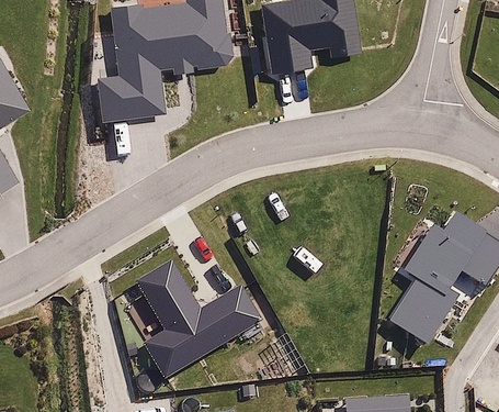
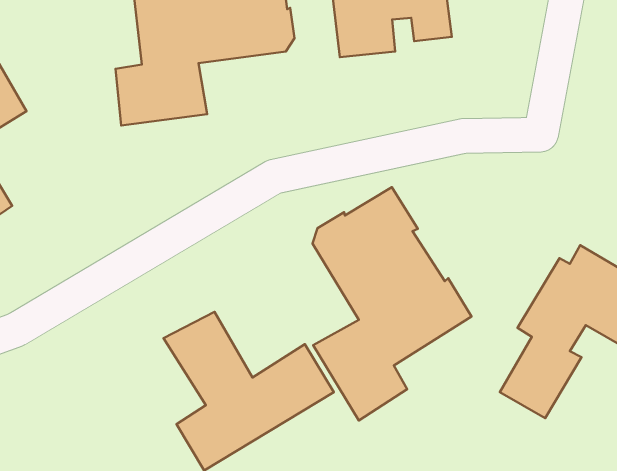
building: none -> [313,187,471,421]

